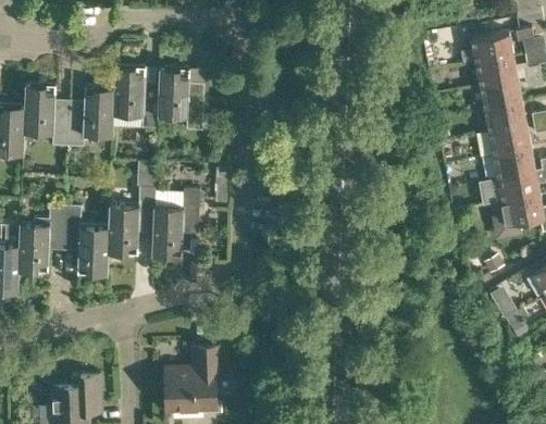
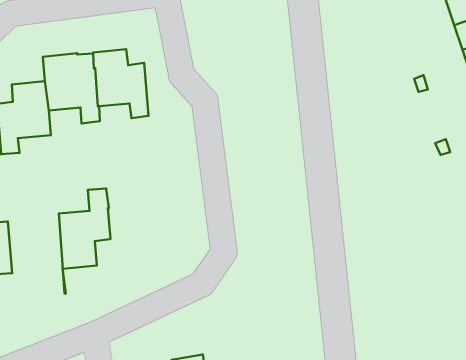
building: [151,188,199,257] -> none
building: [62,204,110,275] -> none

